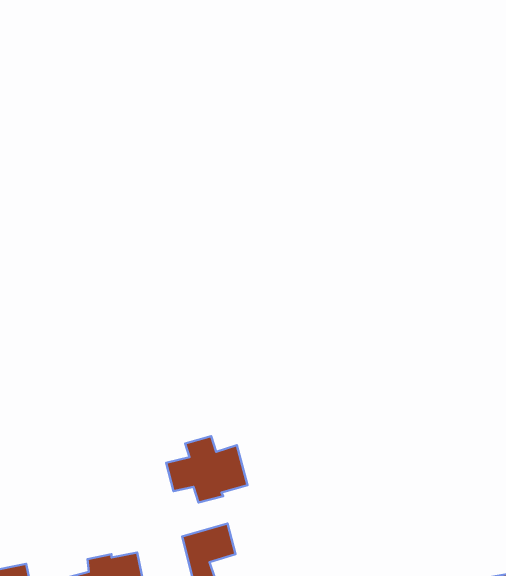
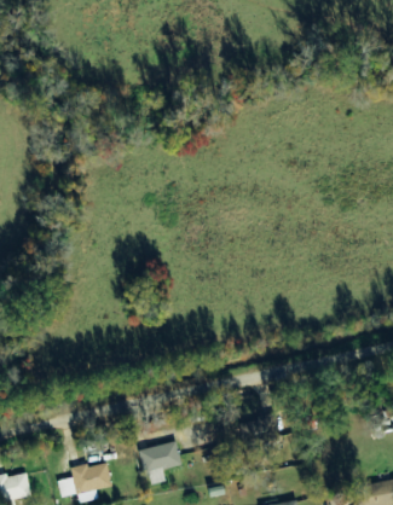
building: [166,436,247,502] -> none

